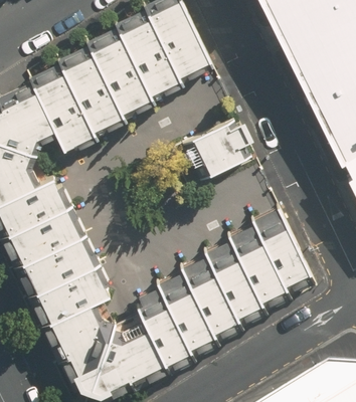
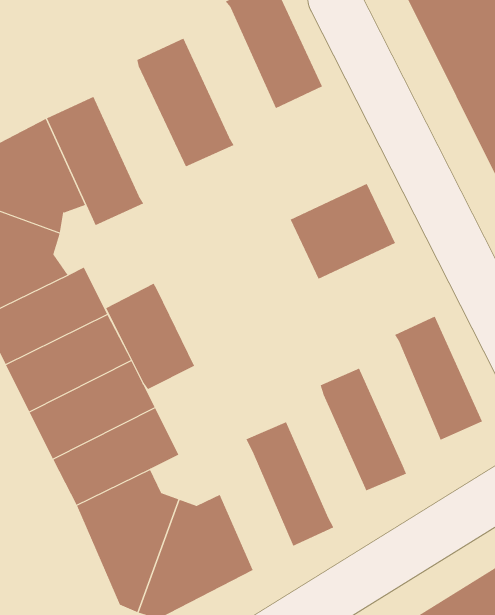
building: [118,9,180,91] -> none
building: [60,46,123,129] -> none
building: none -> [106,283,195,390]
building: [229,222,286,300] -> none
building: [182,255,237,334] -> none
building: [136,291,190,367] -> none

